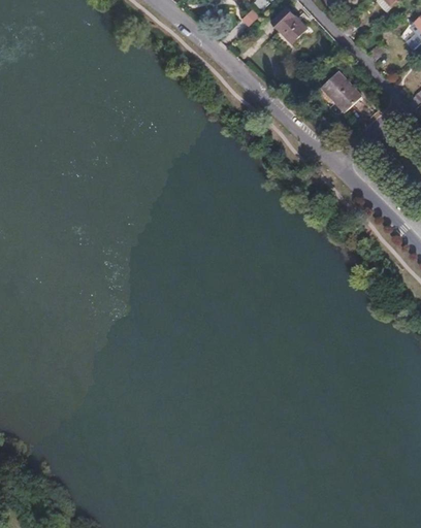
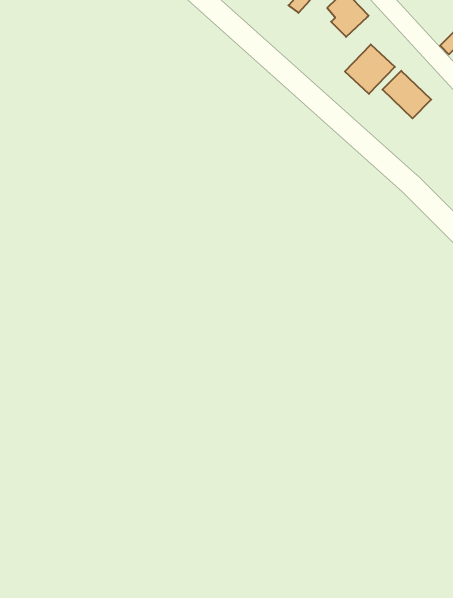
building: none -> [345,44,395,94]

